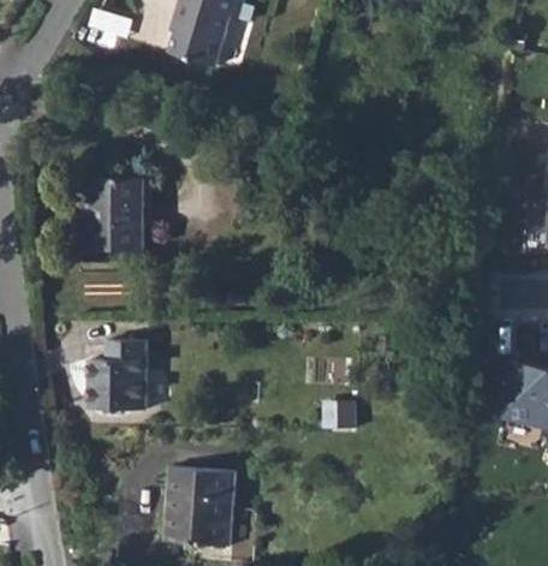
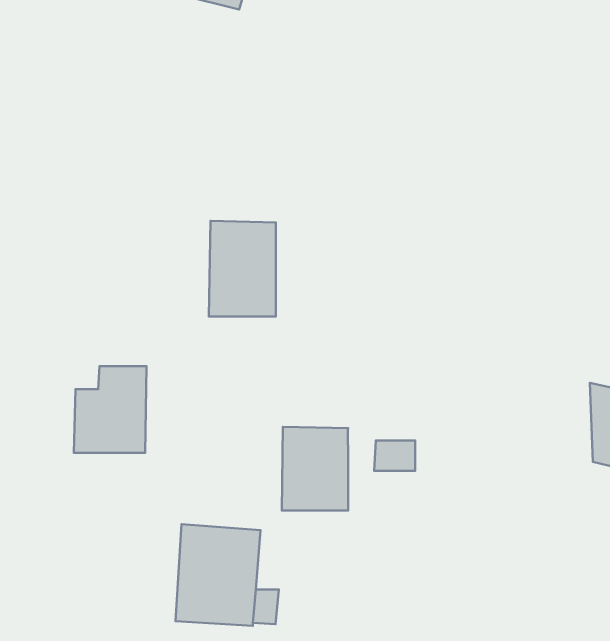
building: [90,177,143,252] -> [209,221,276,317]
building: none -> [282,427,348,511]

